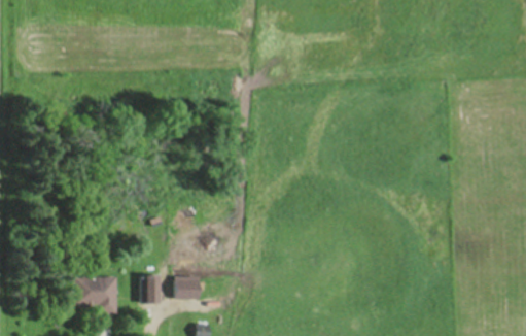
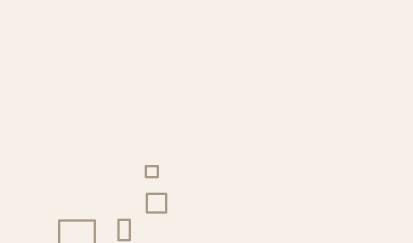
building: [176,276,200,299] -> [147,194,166,212]

